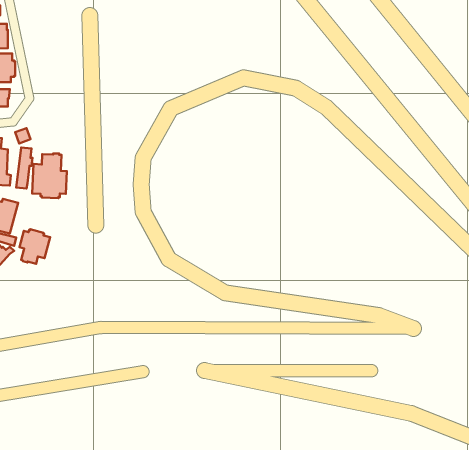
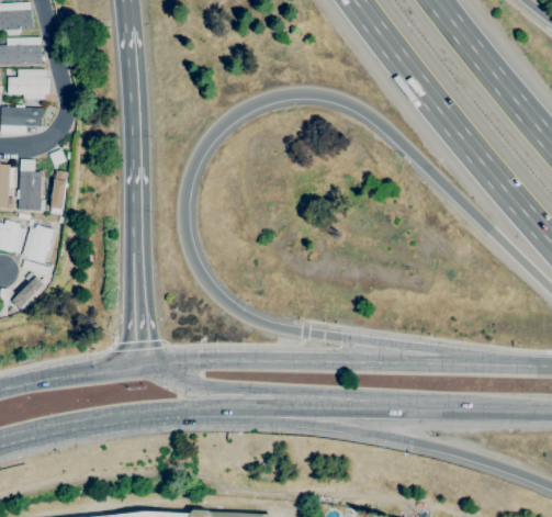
building: [32,153,67,198] -> none
building: [19,229,50,264] -> none

